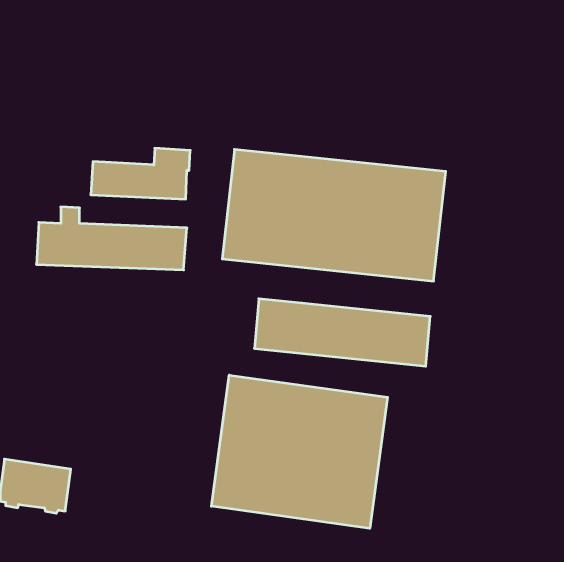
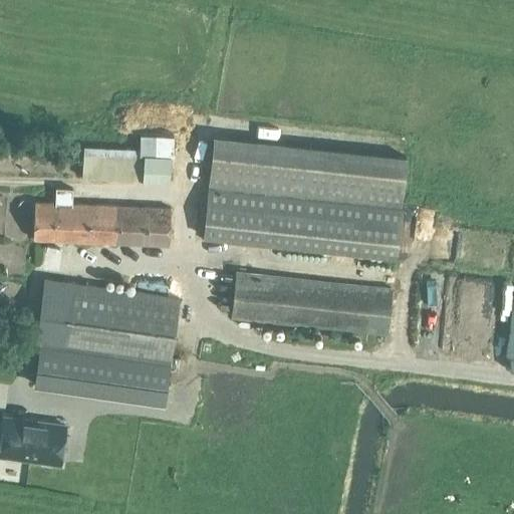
building: none -> [34,283,179,406]
building: [211,375,388,528] -> none

